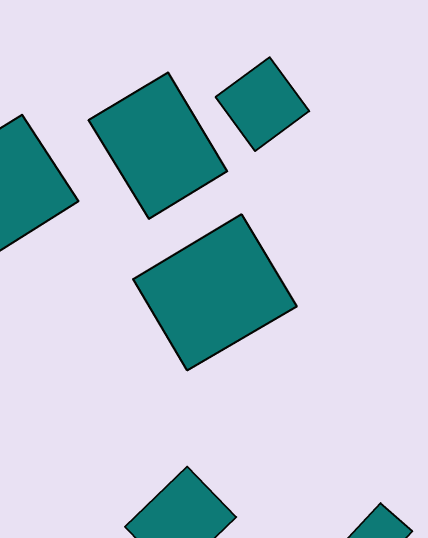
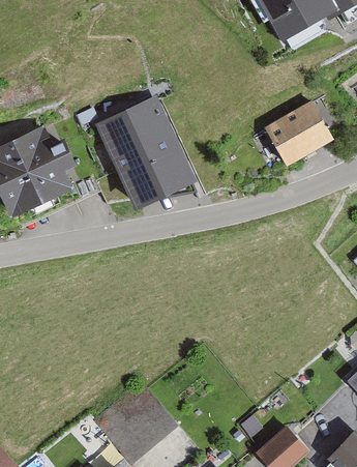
building: [216,57,309,151] -> [265,97,333,166]
building: [133,214,297,370] -> none

